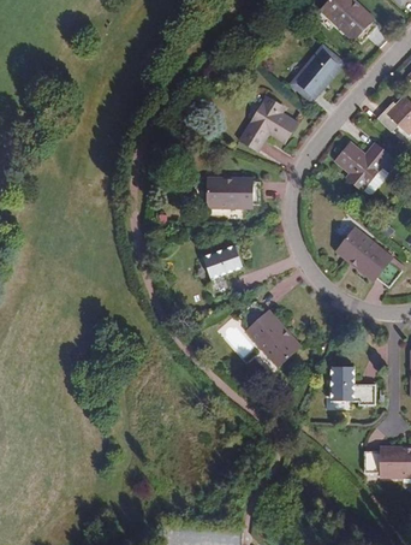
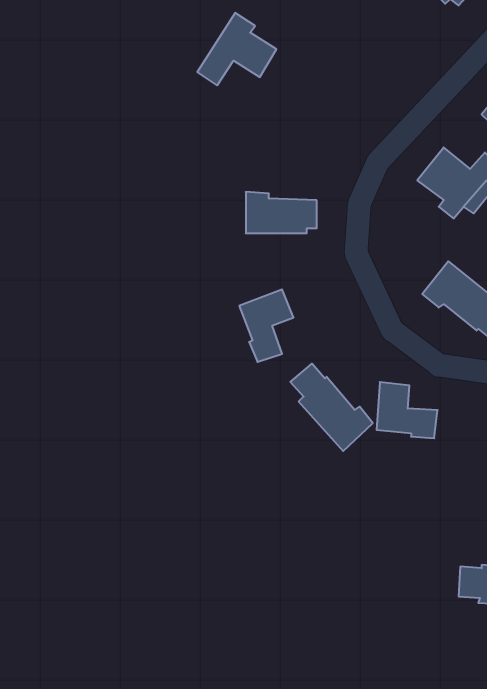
building: [294,46,341,96] -> none
building: [239,95,297,148] -> [197,13,276,85]
building: [328,366,373,407] -> [377,382,438,438]

